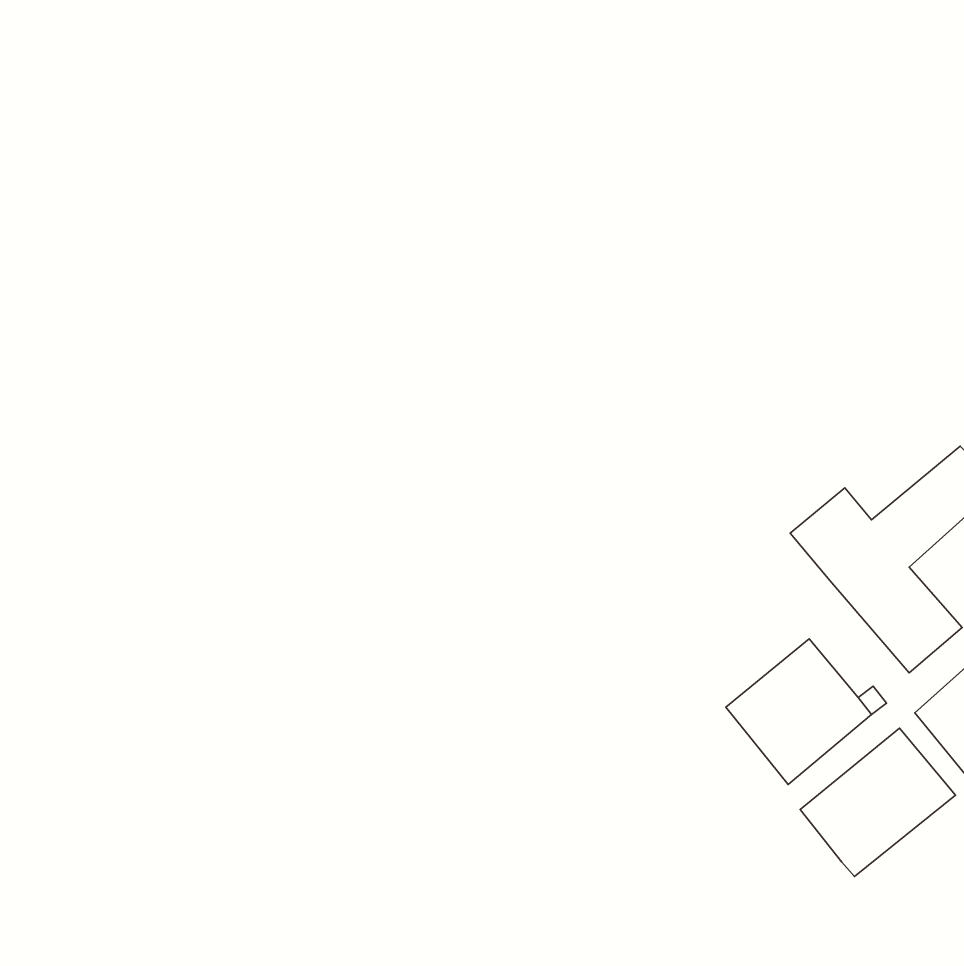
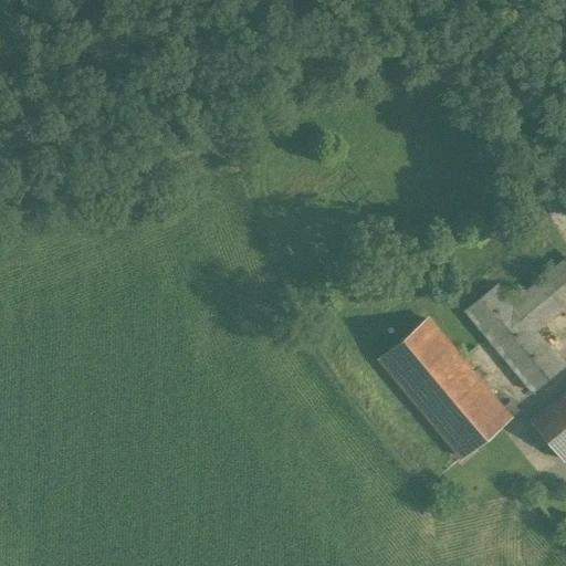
building: none -> [381,319,474,413]
building: [800,728,956,876] -> none

